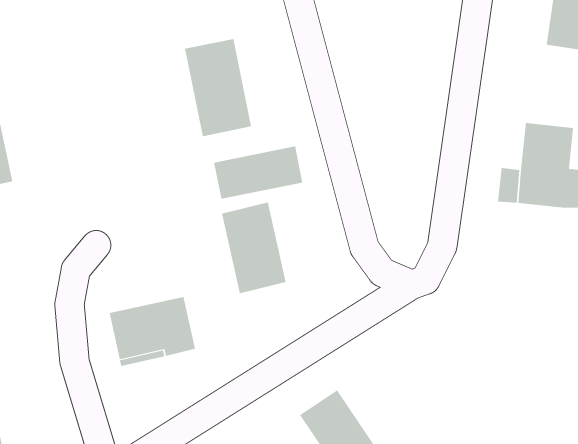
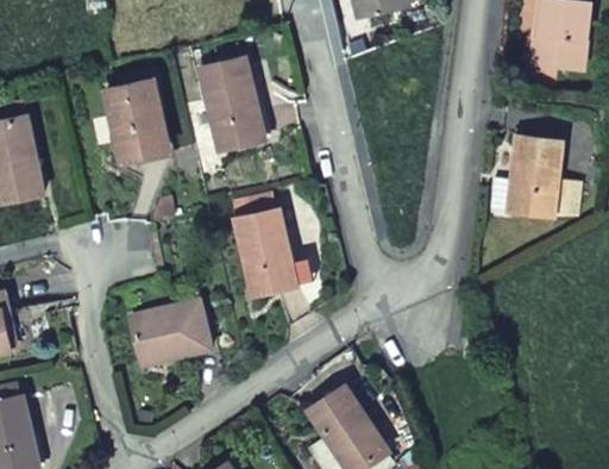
building: none -> [103,79,163,162]
building: [214,145,303,200] -> none

